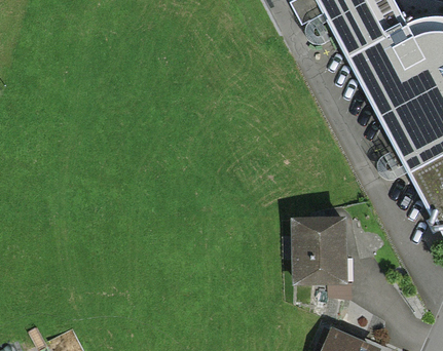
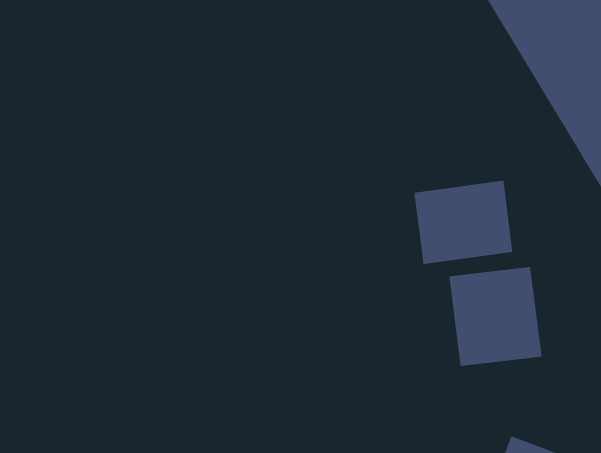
building: none -> [414,180,513,265]

